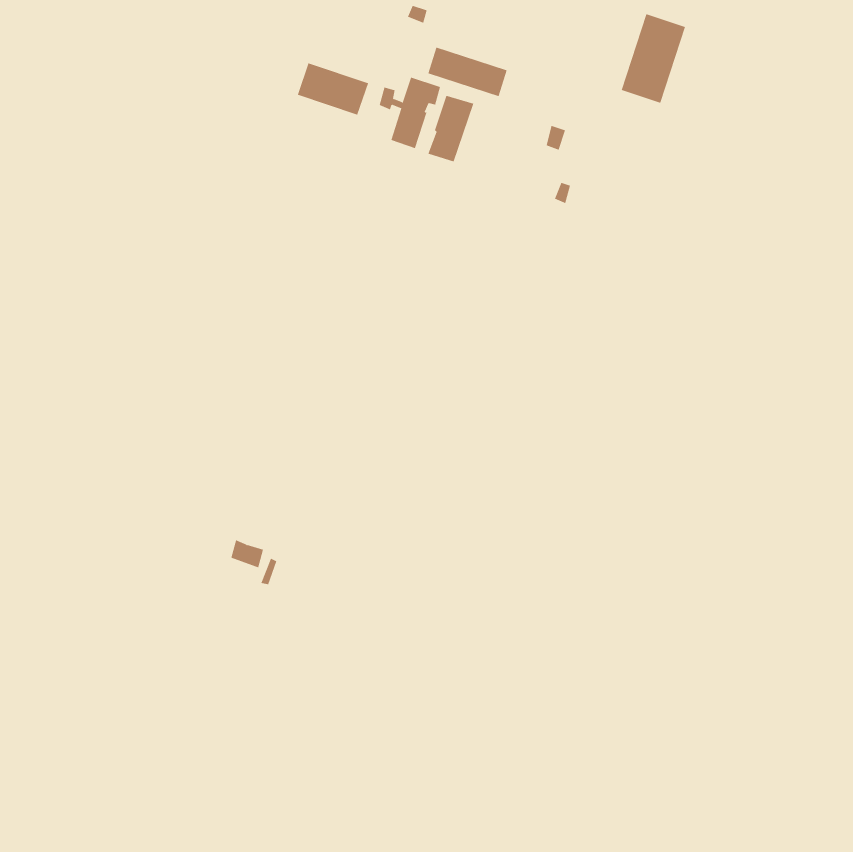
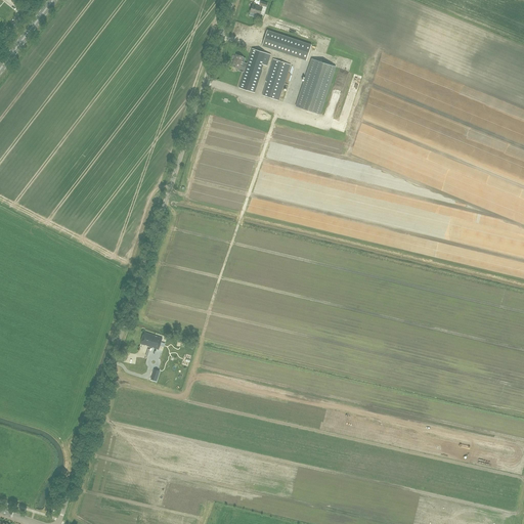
building: [621,13,686,104] -> [296,57,336,113]
building: [297,63,369,115] -> none

